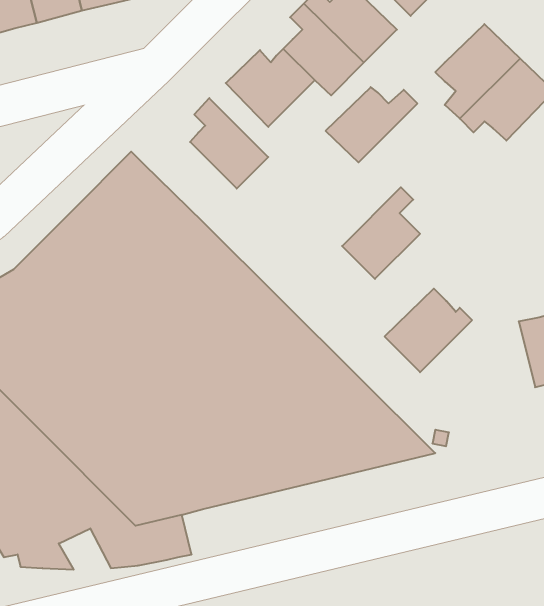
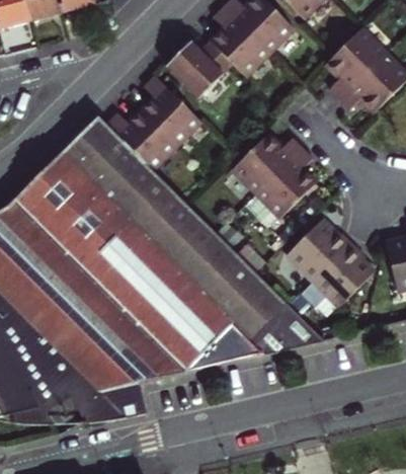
building: [326,87,417,162] -> [229,132,297,187]
building: none -> [106,110,175,170]
building: none -> [299,242,372,306]

